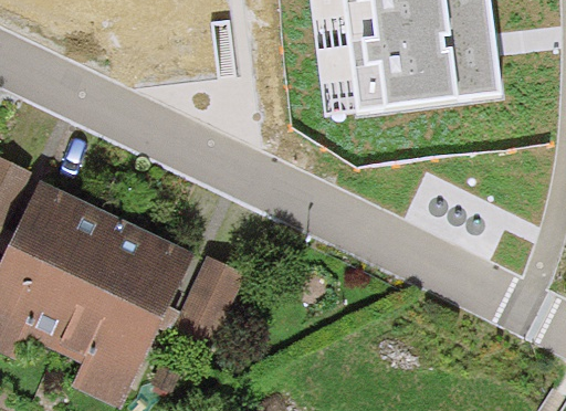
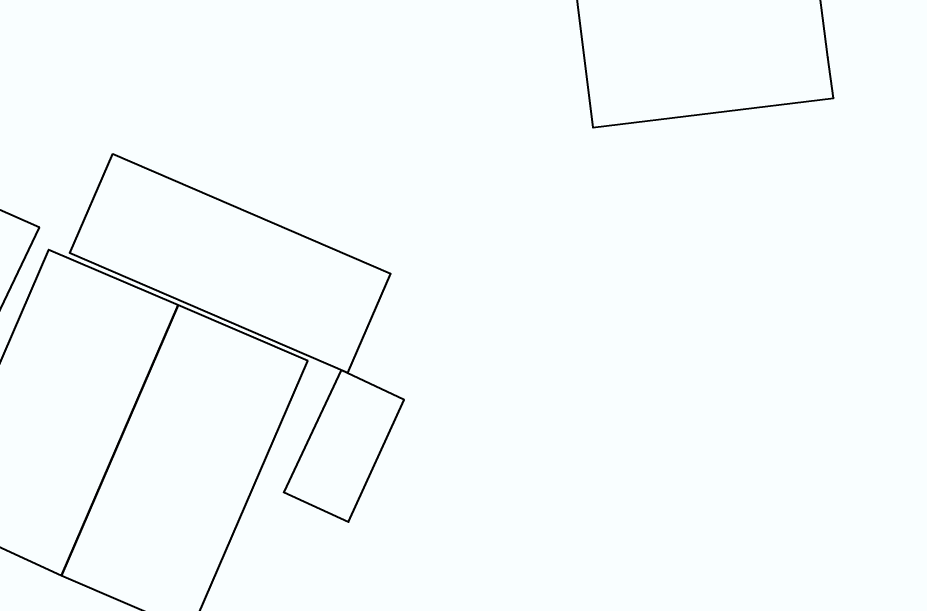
building: none -> [70,154,391,373]

